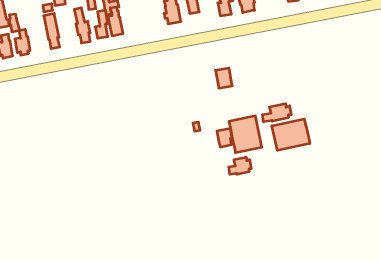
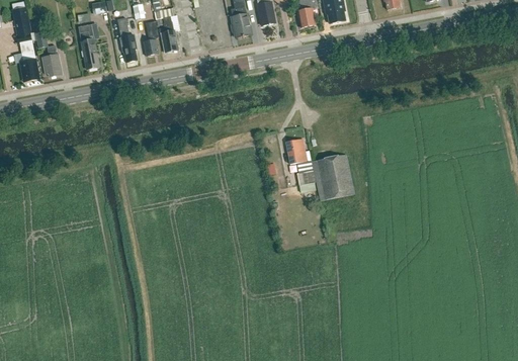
building: [215,68,232,88] -> [286,138,308,163]
building: [262,104,291,122] -> none
building: [272,119,310,150] -> none
building: [229,157,251,174] -> none

